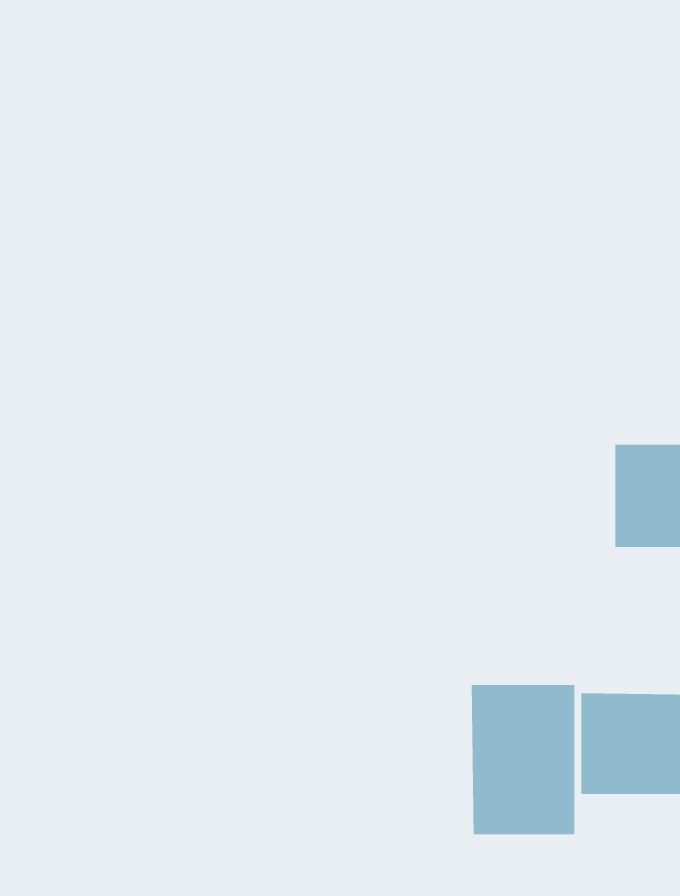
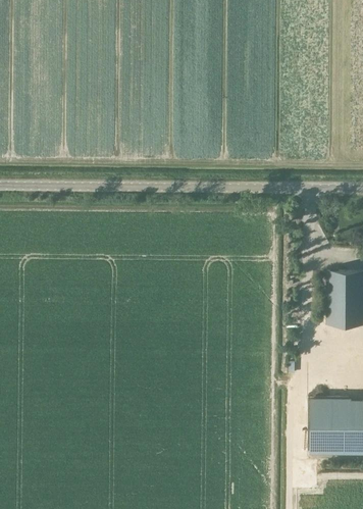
building: [471,684,575,835] -> none

